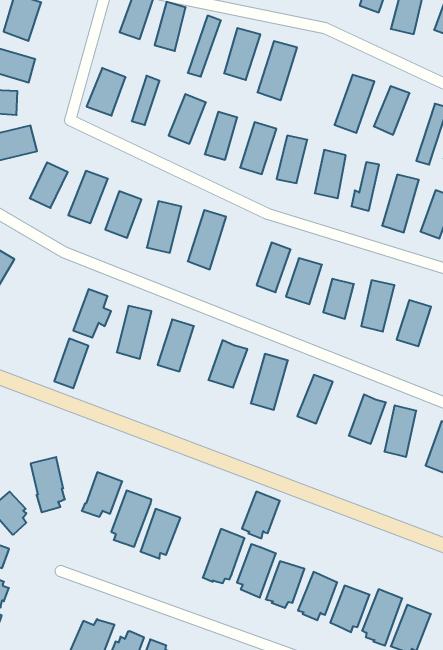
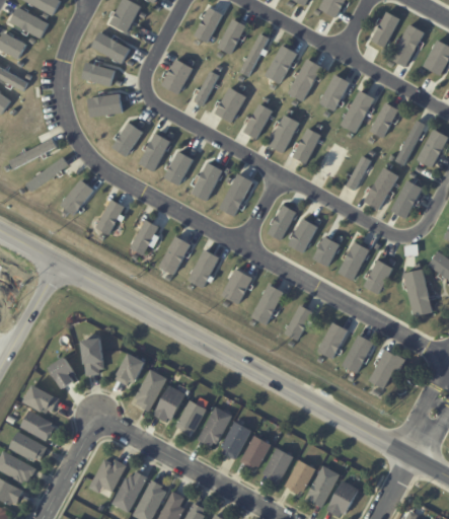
building: none -> [320,75,351,110]
building: [54,339,88,388] -> [94,199,123,235]
building: [242,492,280,538] -> [177,400,208,435]

